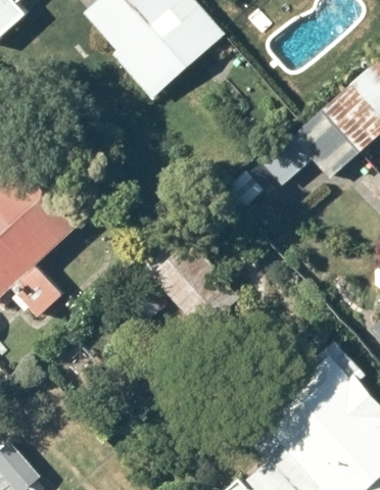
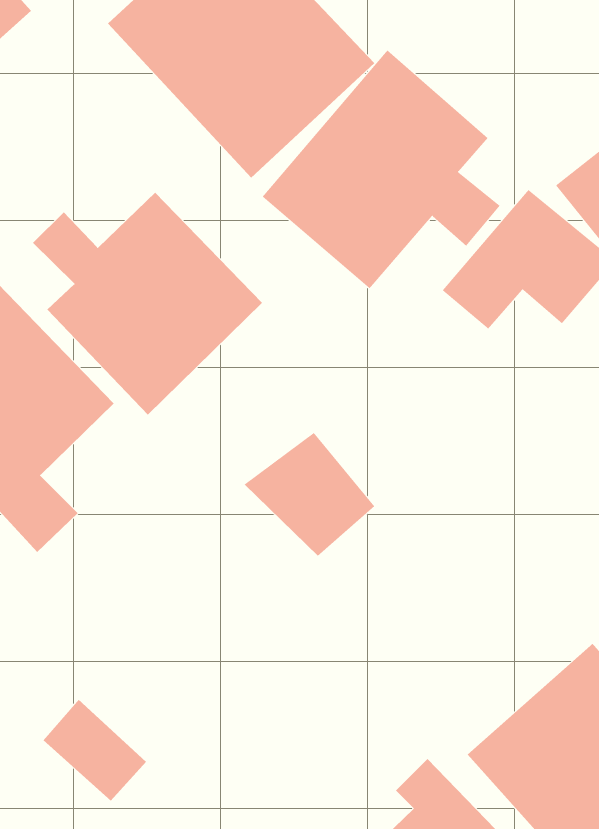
building: none -> [262,50,501,289]
building: none -> [32,192,263,415]

